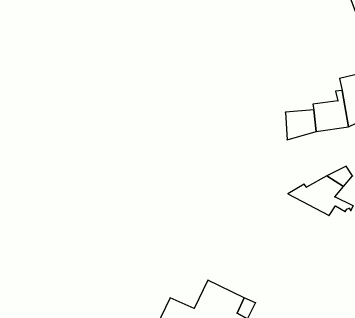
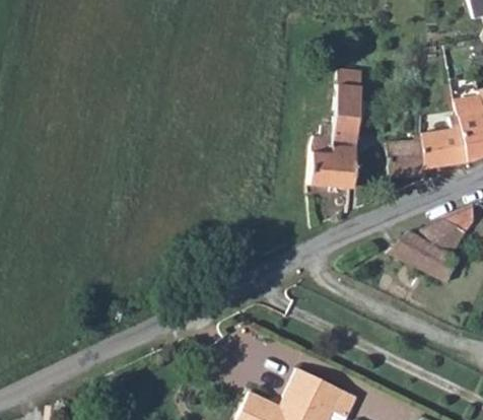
building: none -> [308,74,364,193]

